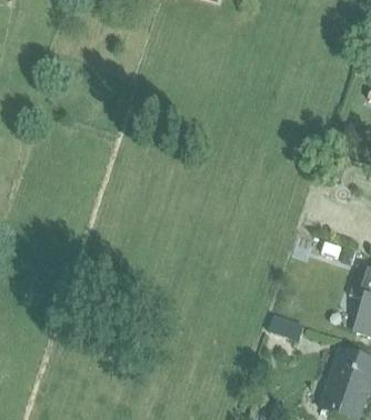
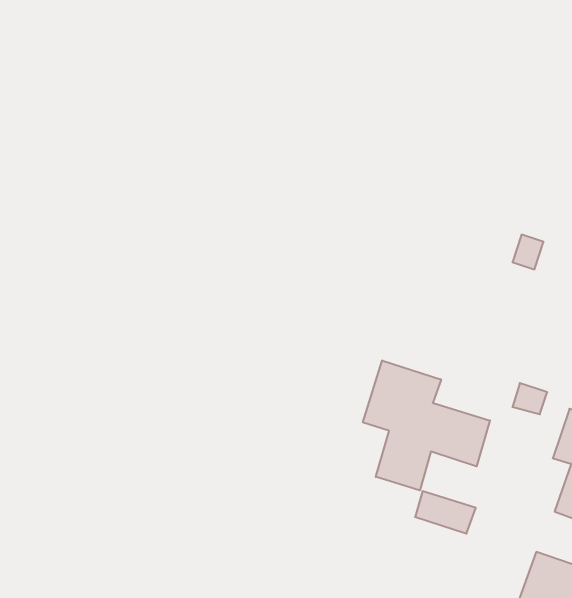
building: none -> [363,360,490,490]

